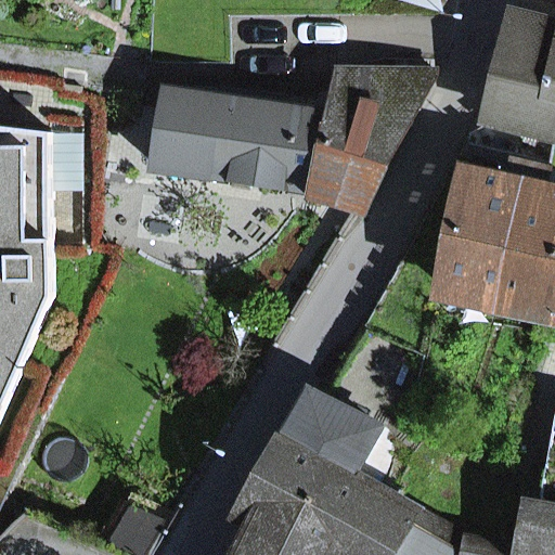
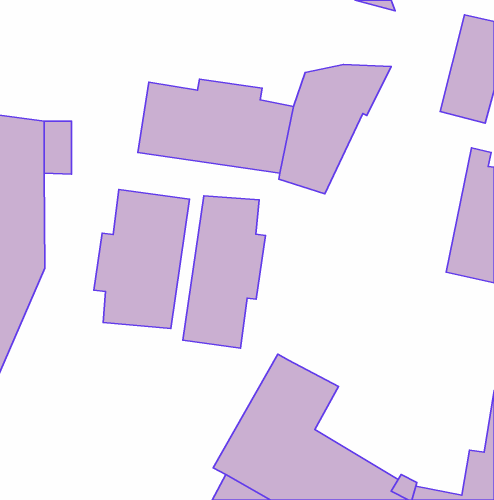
building: [439,162,522,301] -> none
building: none -> [94,190,189,329]
building: none -> [183,196,266,348]

